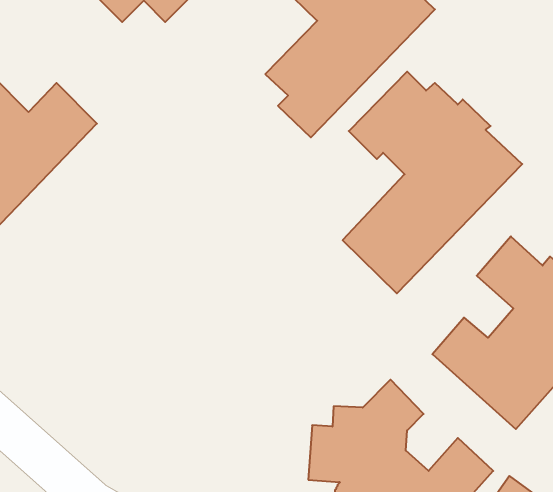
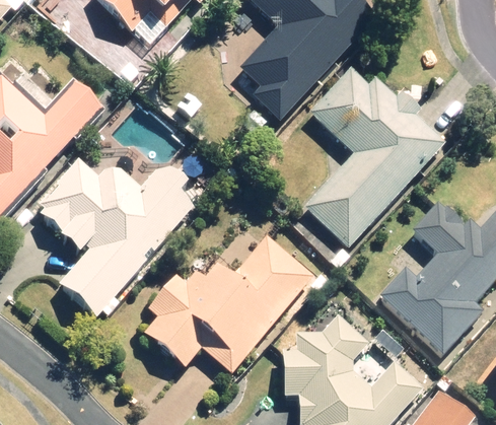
building: none -> [37,159,197,321]
building: none -> [141,234,314,372]

